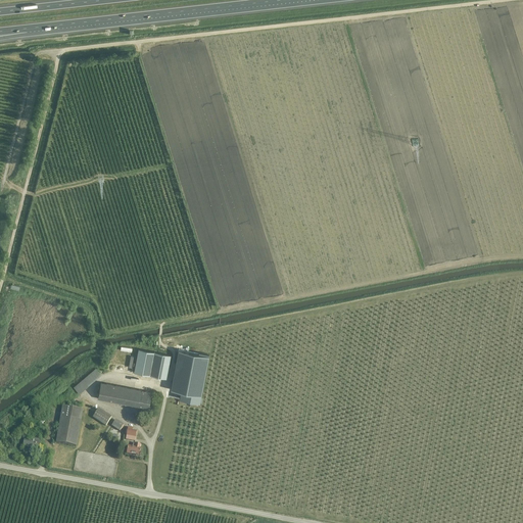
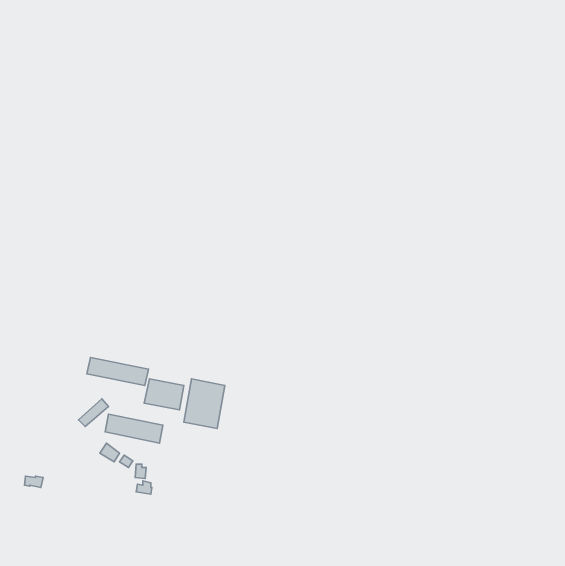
building: none -> [87,357,148,386]
building: [55,407,82,446] -> none

